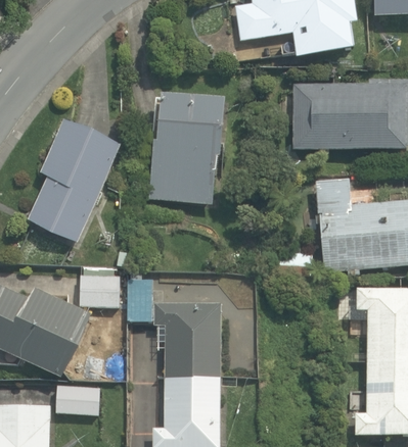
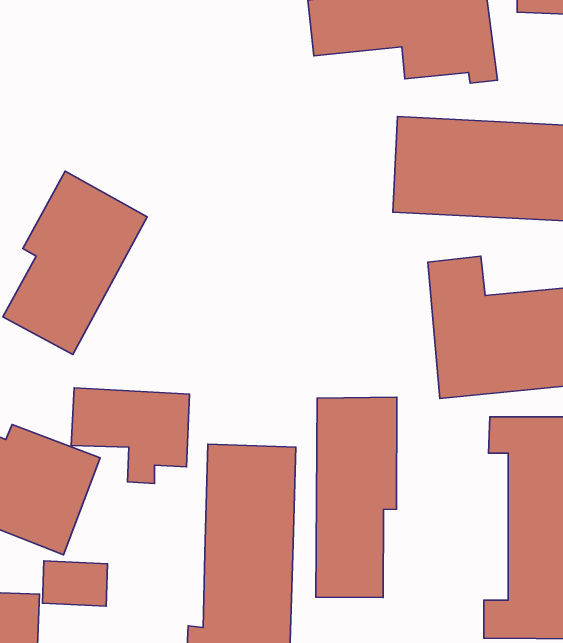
building: [142,97,240,205] -> none
building: none -> [316,397,397,597]

